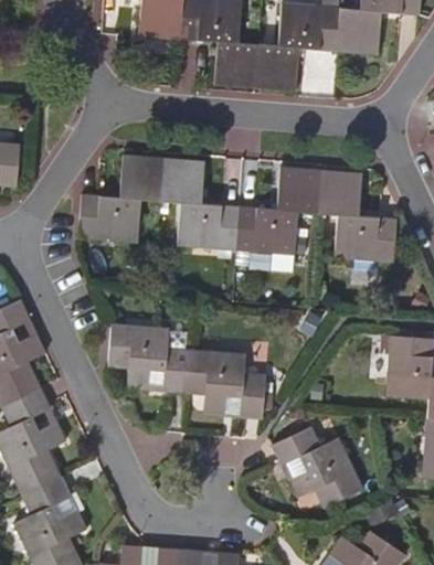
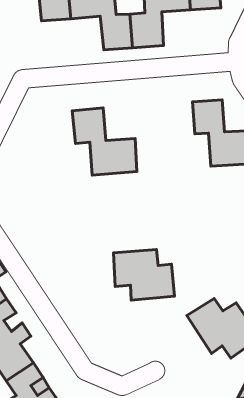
building: [78,154,163,241] -> none
building: [235,167,321,255] -> none
building: [108,323,189,394] -> none

